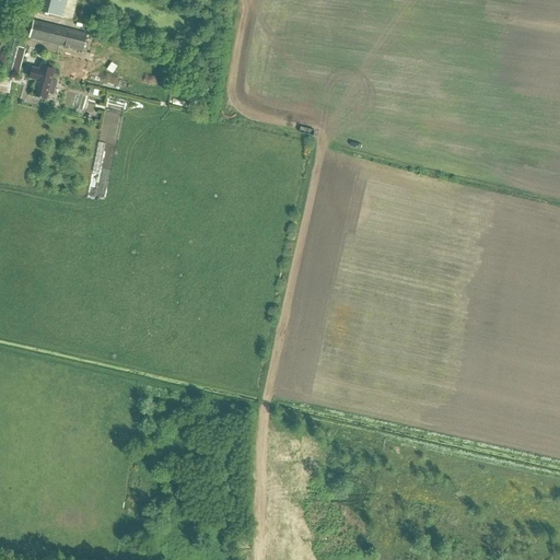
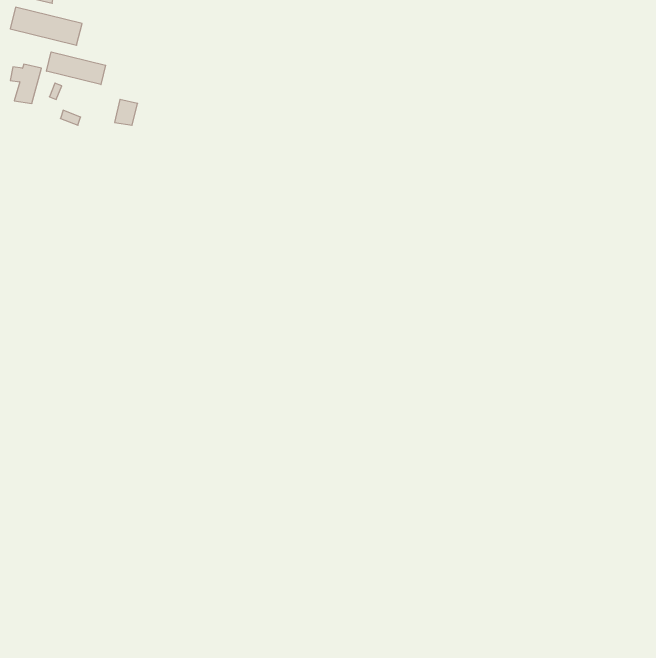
building: none -> [47,52,106,85]

